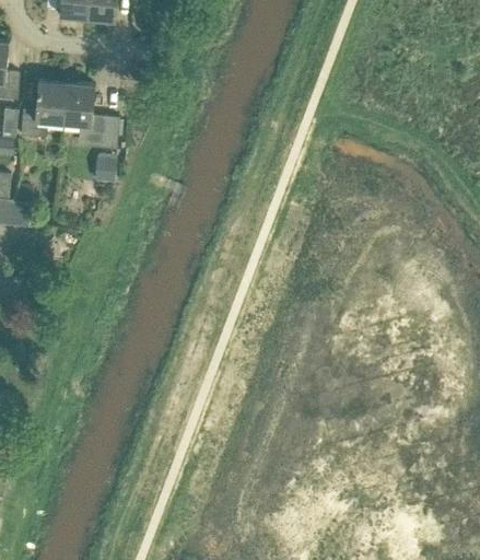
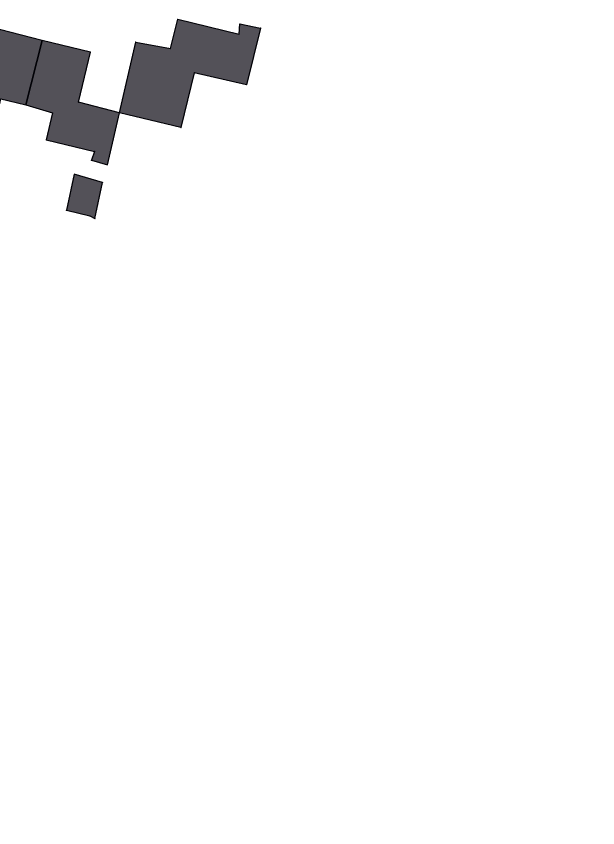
building: none -> [120,19,261,128]

